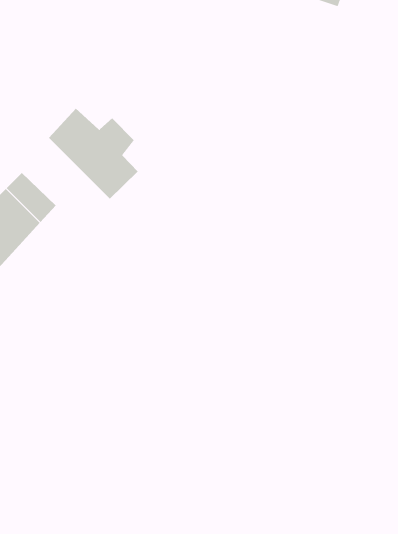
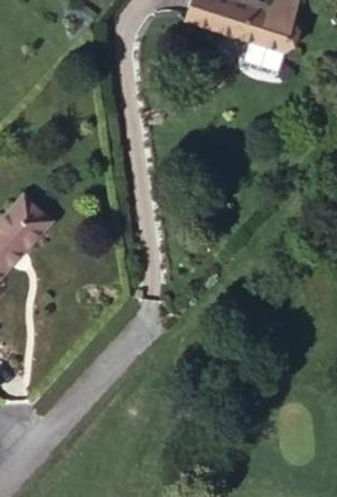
building: [48,108,139,200] -> none

